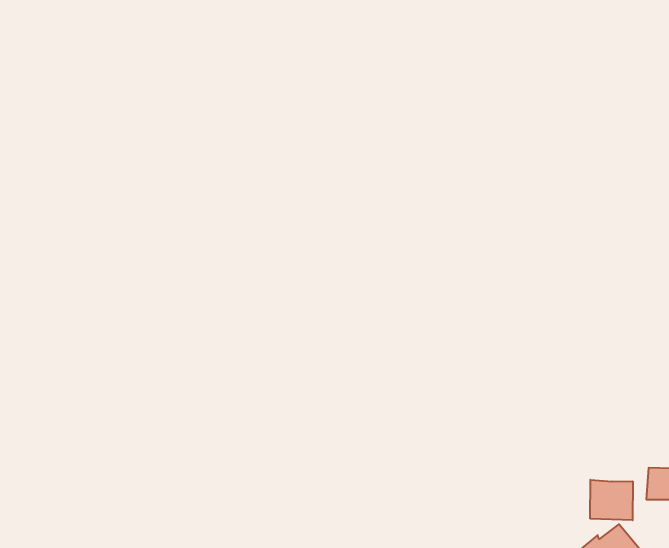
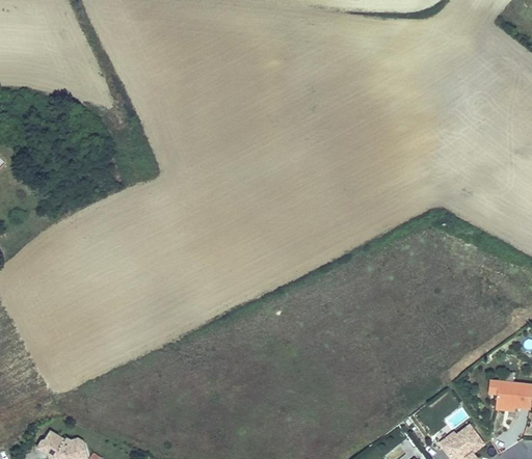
building: [590,480,633,520] -> none

